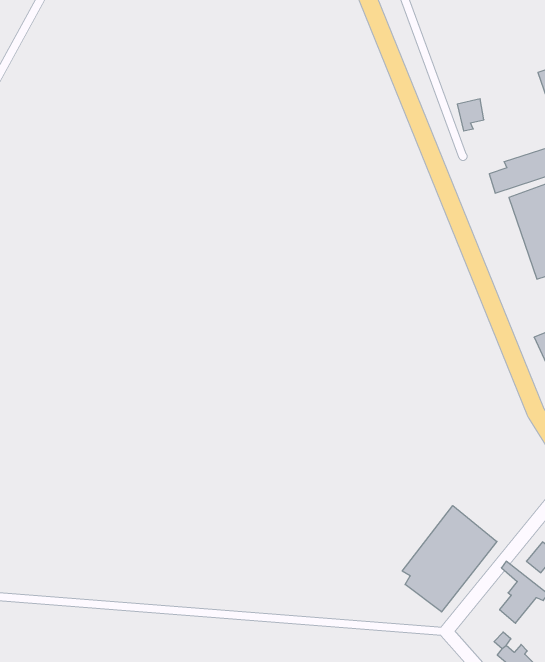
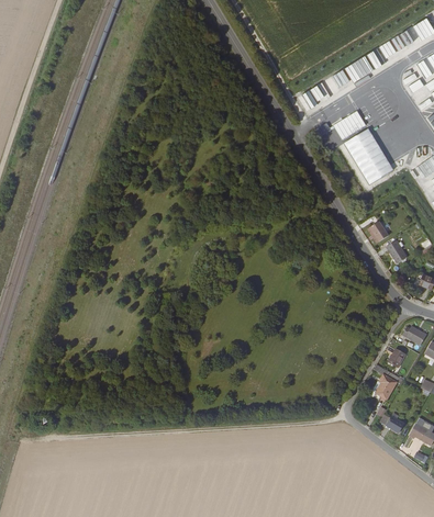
building: [402,506,497,612] -> none

